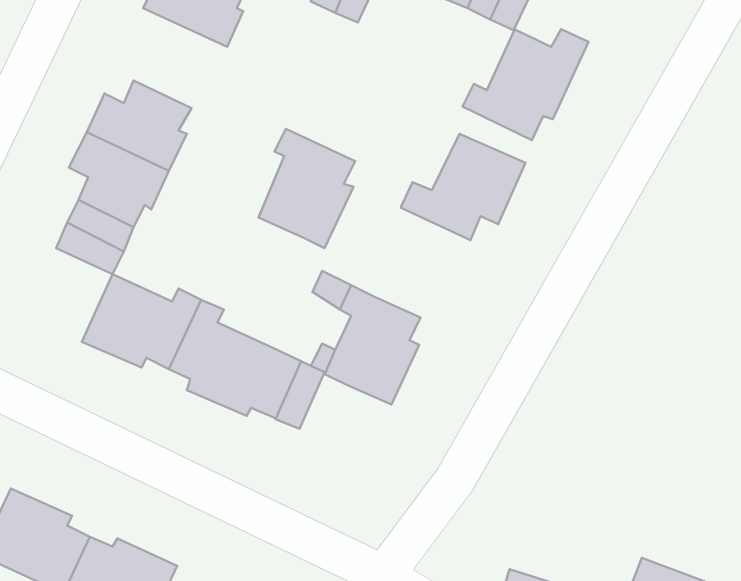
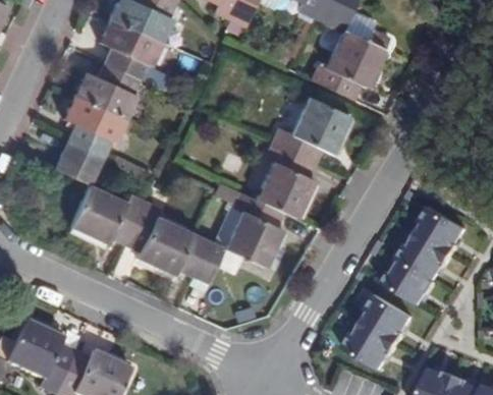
building: none -> [99,16,163,79]
building: [258,129,355,248] -> [256,143,317,218]
building: none -> [382,206,469,308]
building: none -> [338,293,412,373]

